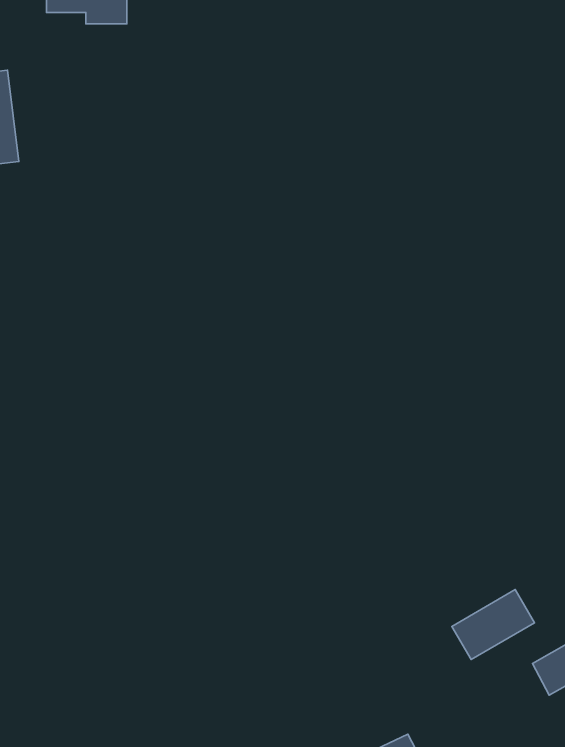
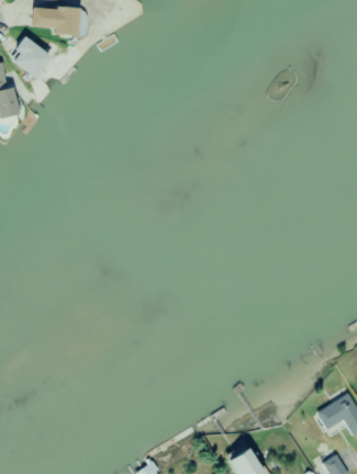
building: none -> [11,34,47,76]
building: [452,590,534,660] -> none

